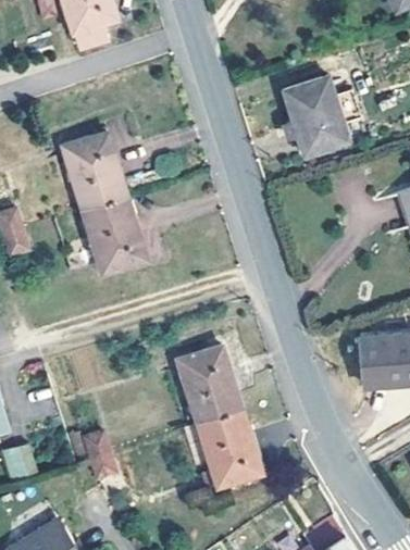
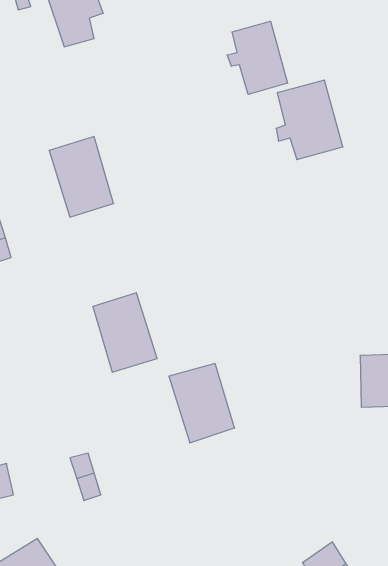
building: none -> [227,21,288,94]
building: [85,195,146,270] -> [93,293,157,372]
building: [198,407,260,483] -> none

